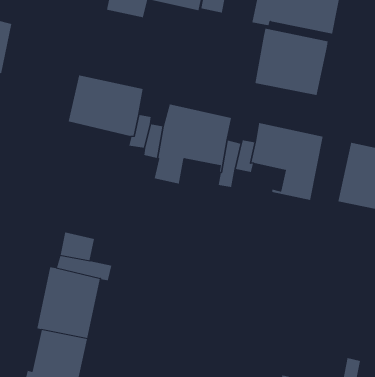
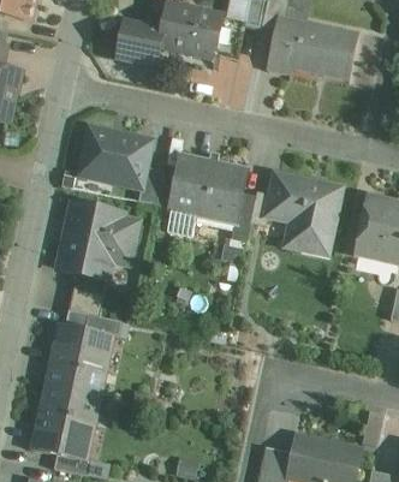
building: [255,28,328,96] -> none
building: none -> [58,202,137,279]

